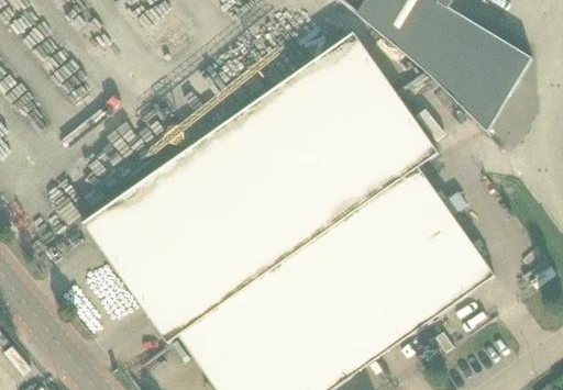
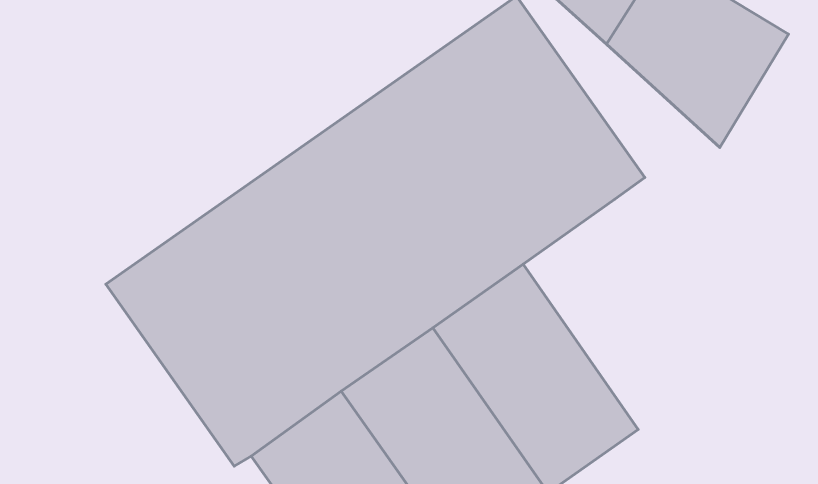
building: [357,165,494,316] -> none

